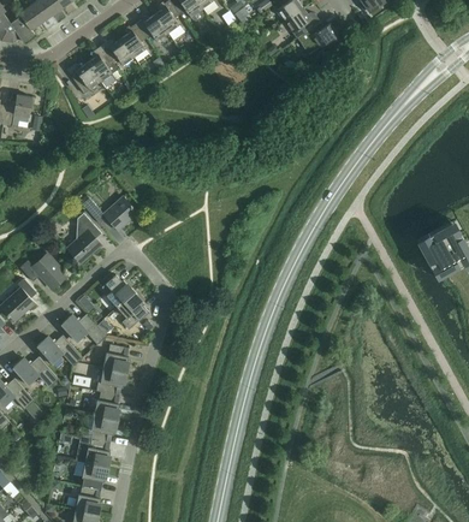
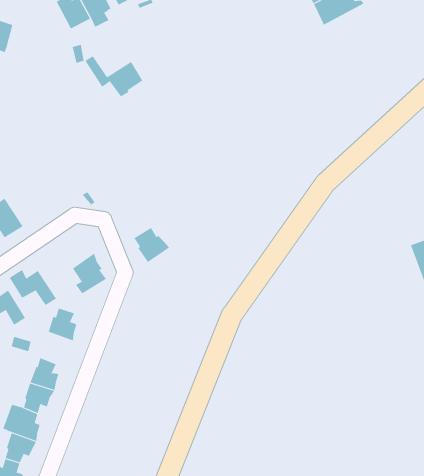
building: [79,196,135,230] -> [84,55,143,97]
building: [66,213,101,263] -> none
building: [100,274,133,307] -> [134,227,170,263]
building: [95,367,126,395] -> none

